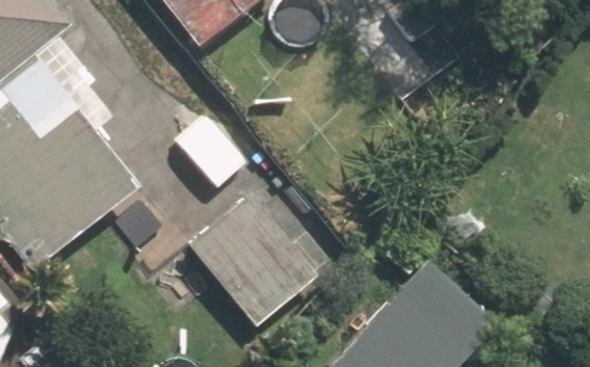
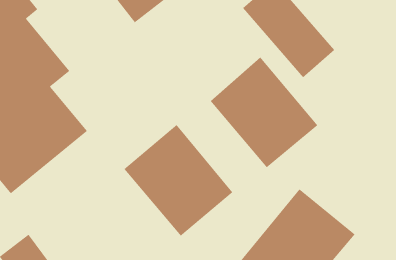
building: none -> [210,57,318,168]

